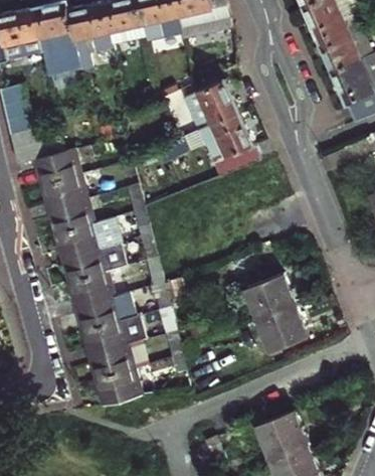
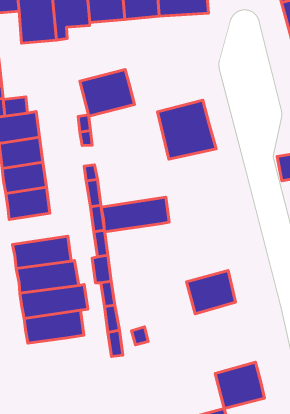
building: [177,80,234,131] -> [80,70,134,116]
building: [60,240,130,283] -> [101,197,169,232]
building: [257,308,310,358] -> [215,362,264,409]
building: [97,367,142,403] -> none

